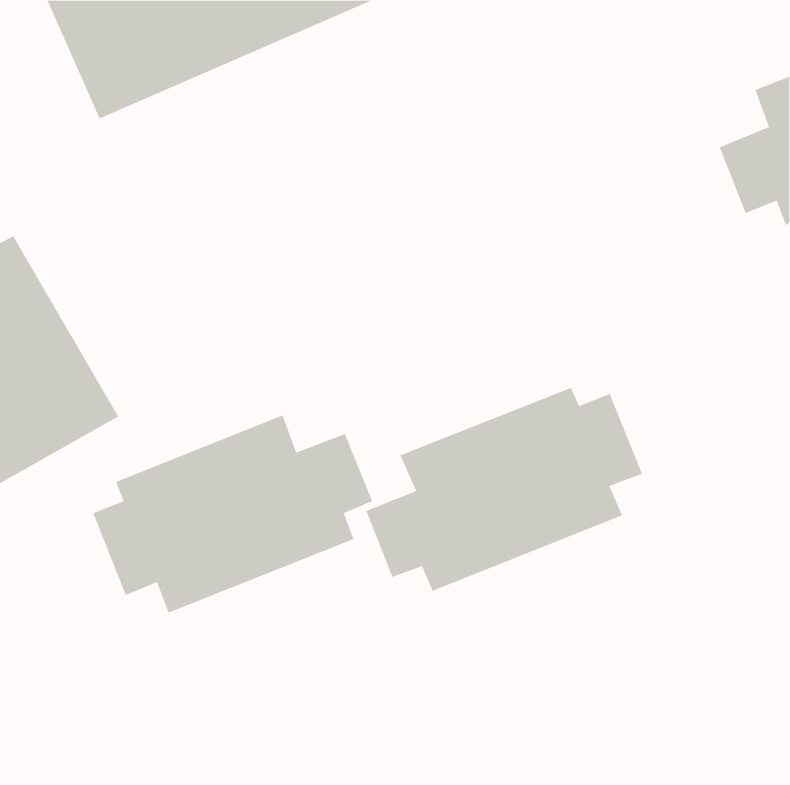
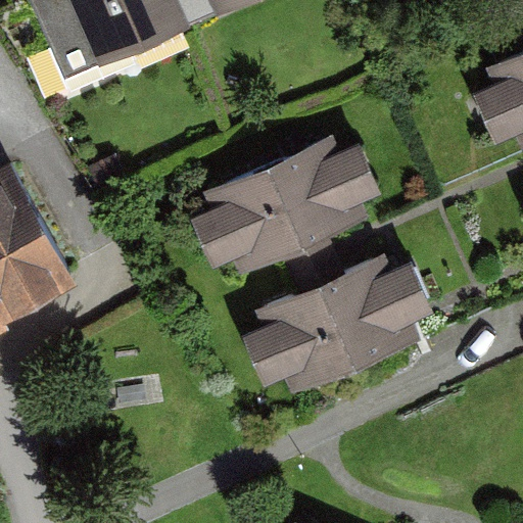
building: none -> [198,137,382,271]
building: [93,414,373,614] -> none

